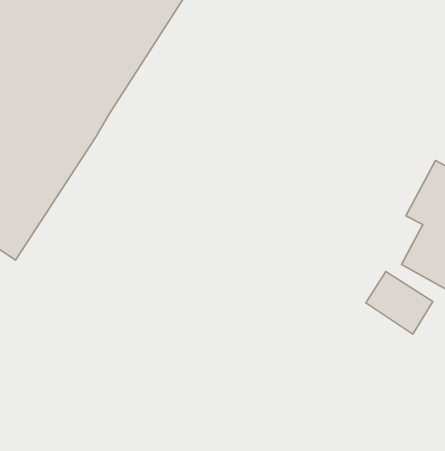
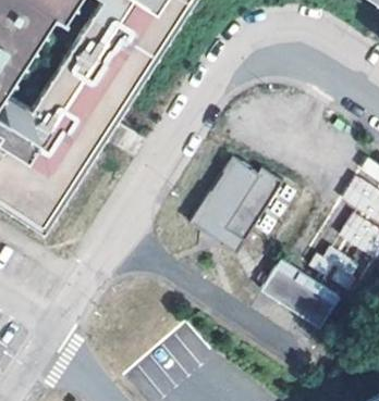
building: none -> [191,153,284,251]
building: none -> [258,259,340,324]

